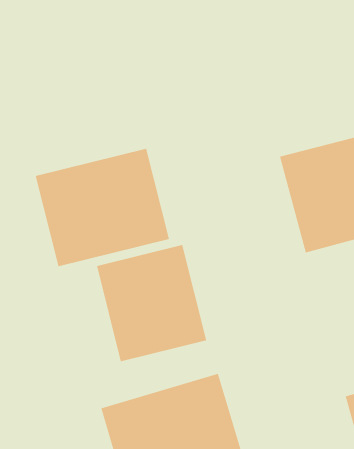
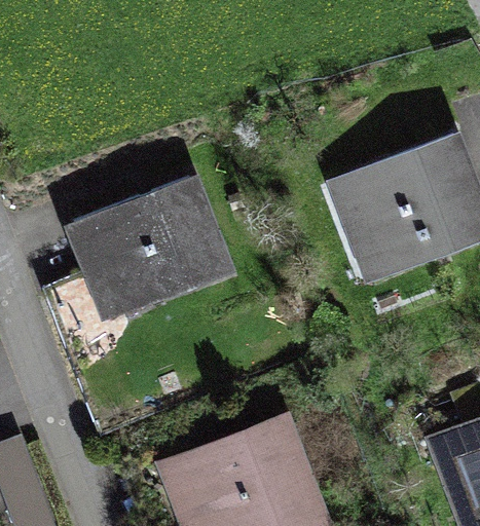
building: [96,244,207,362] -> none

